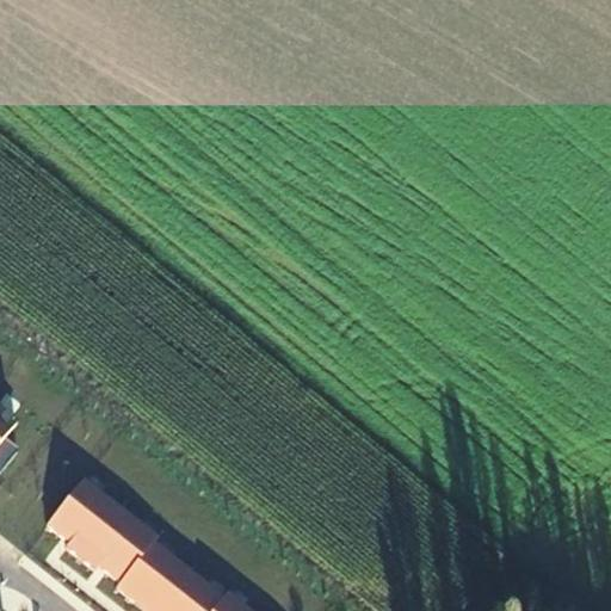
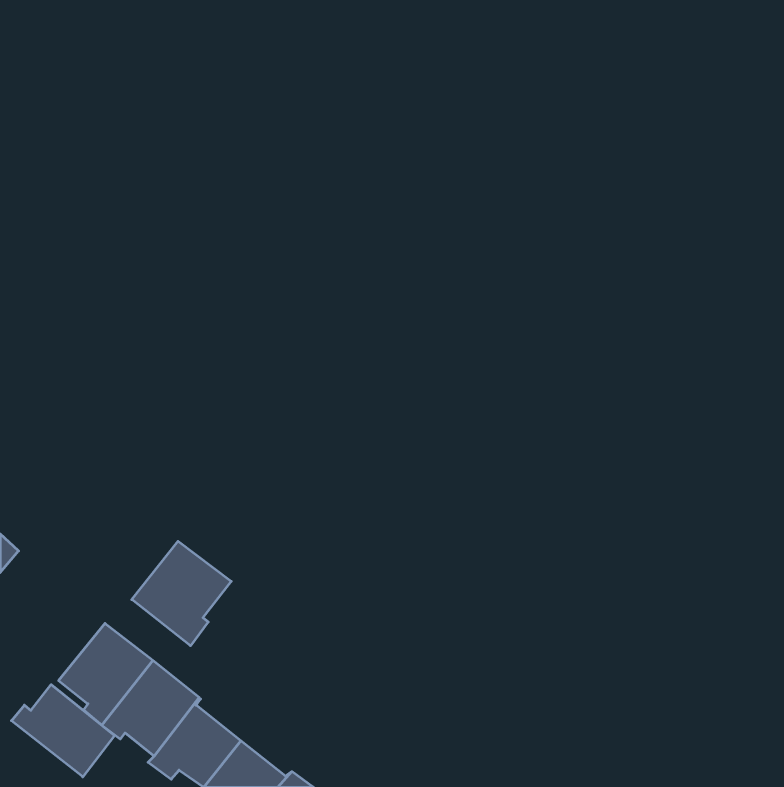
building: none -> [132,541,231,646]
building: none -> [11,685,115,777]

